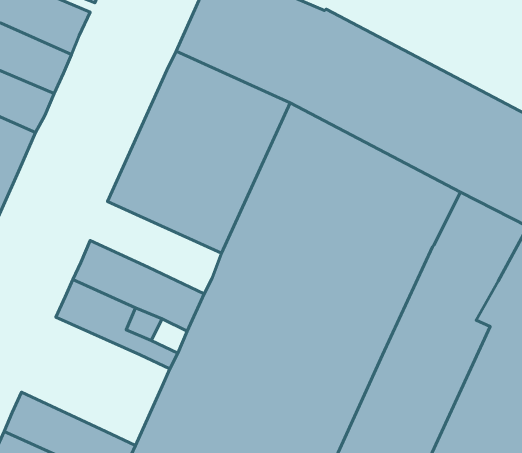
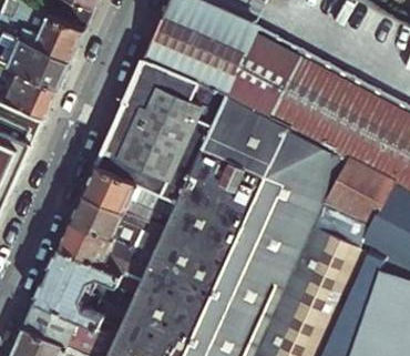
building: none -> [84,163,177,217]
building: none -> [35,245,120,326]

